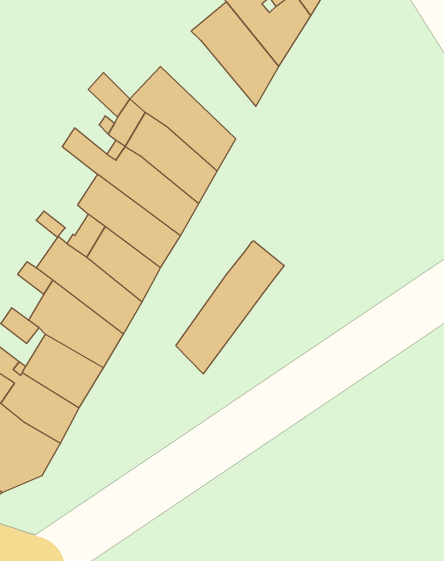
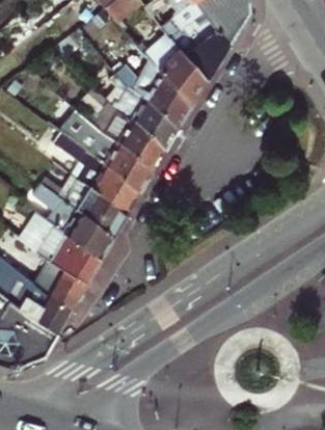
building: none -> [113,58,190,128]
building: [176,241,284,374] -> none

